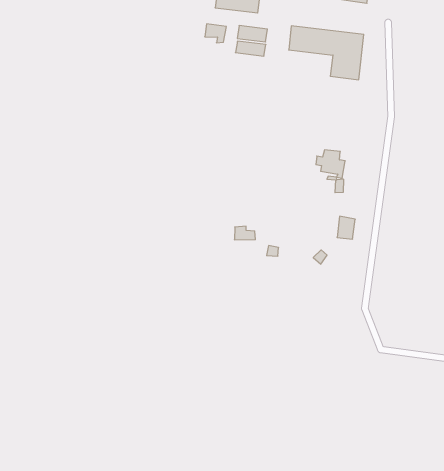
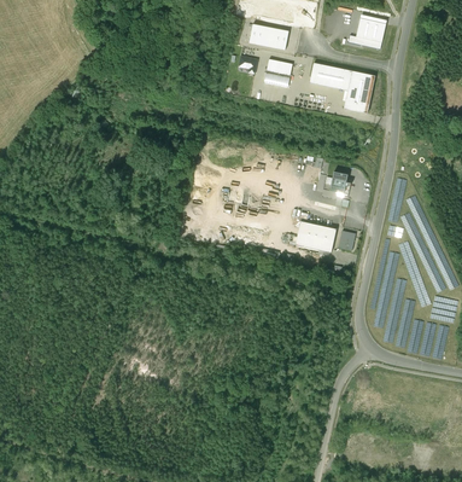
building: none -> [294,221,335,252]

